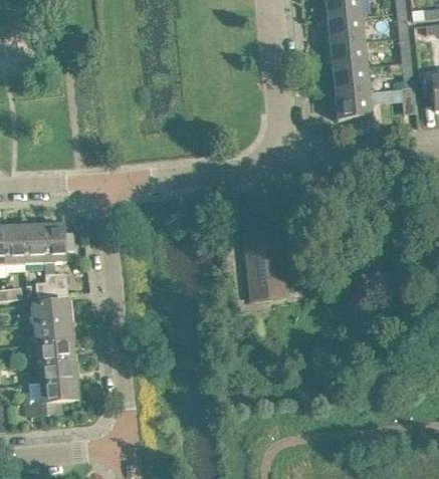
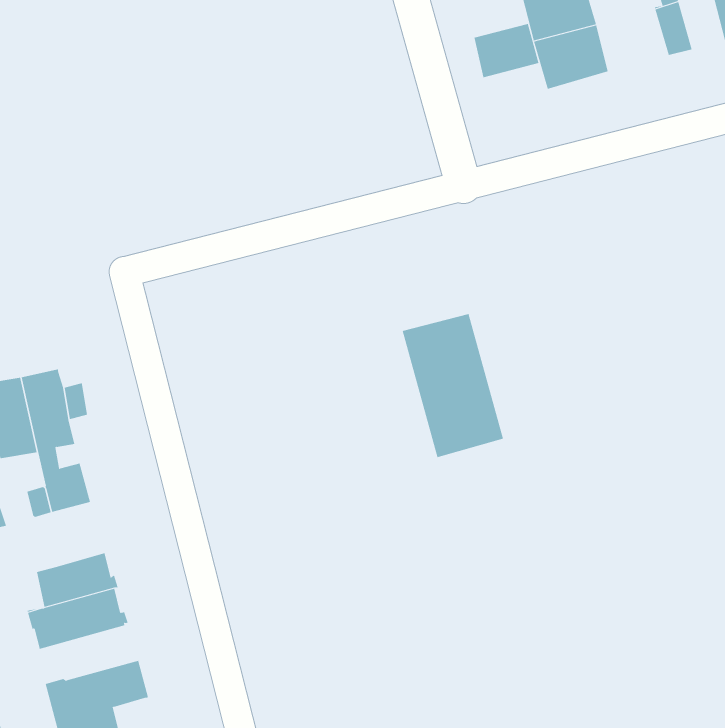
building: none -> [474,23,539,78]
building: [30,300,72,324] -> none
building: [26,360,78,383] -> none

